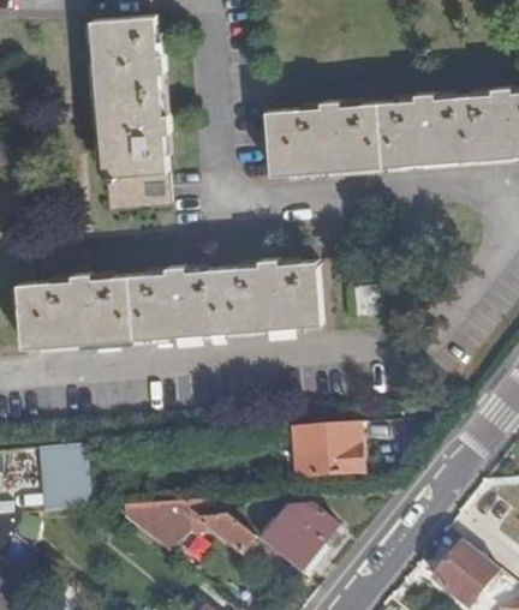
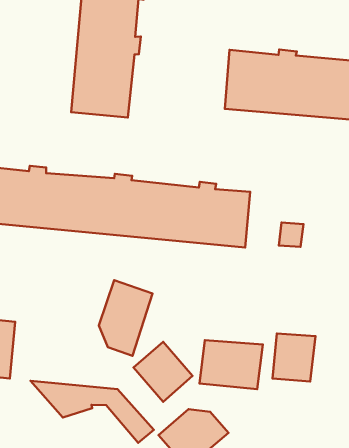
building: none -> [99,280,153,356]
building: none -> [273,334,316,381]
building: none -> [134,342,192,402]

